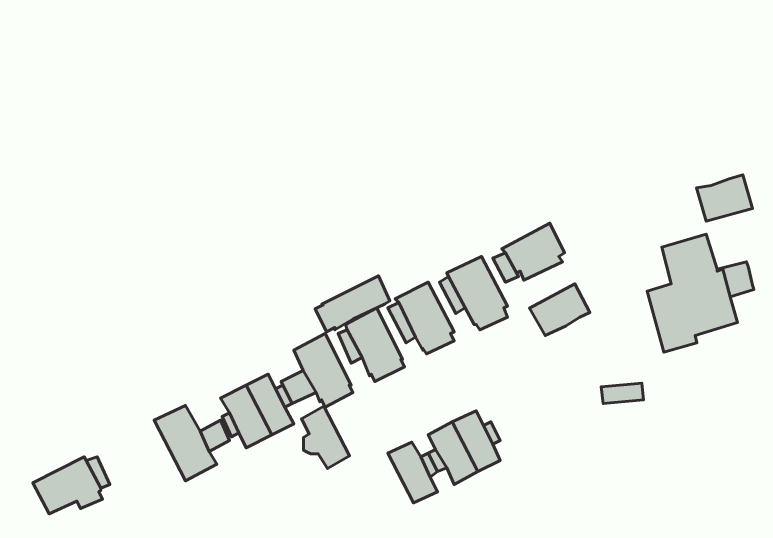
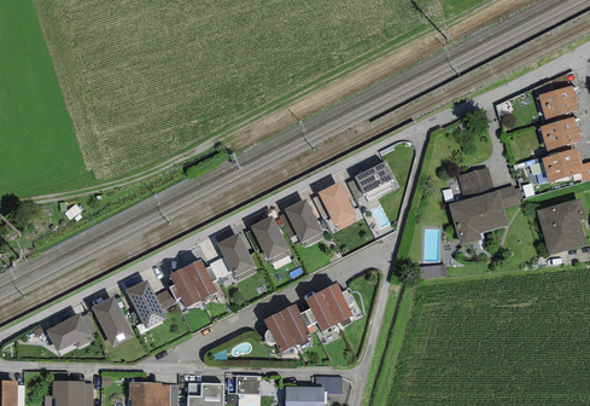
building: [696,175,752,221] -> none
building: [315,276,390,332] -> none
building: [529,284,590,336] -> none
building: [302,406,349,469] -> [264,311,296,352]
building: none -> [92,295,134,346]

